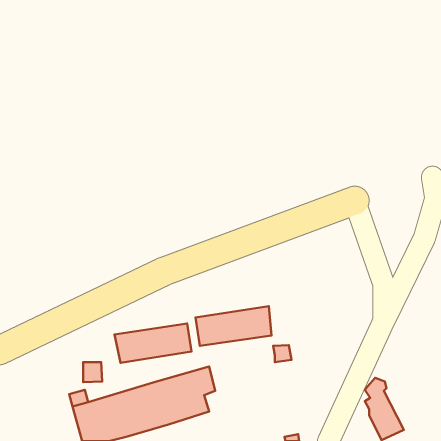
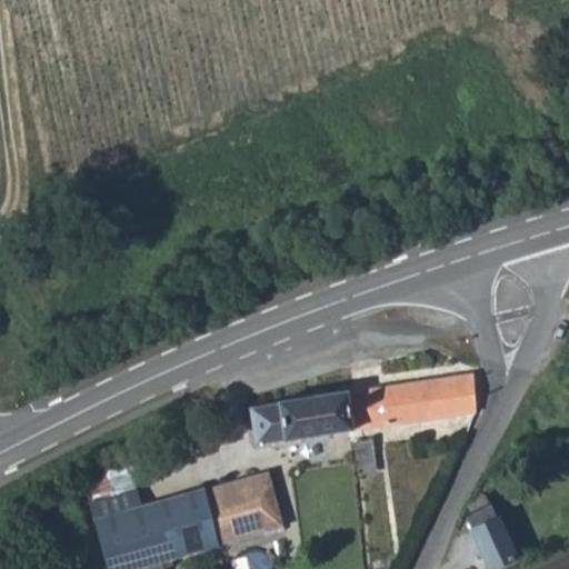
building: none -> [346,375,481,438]
building: [114,323,191,363] -> none

